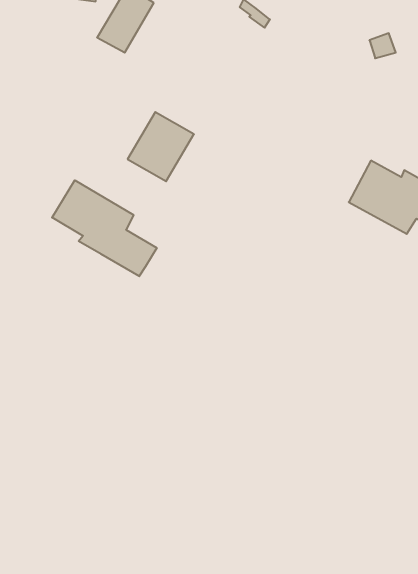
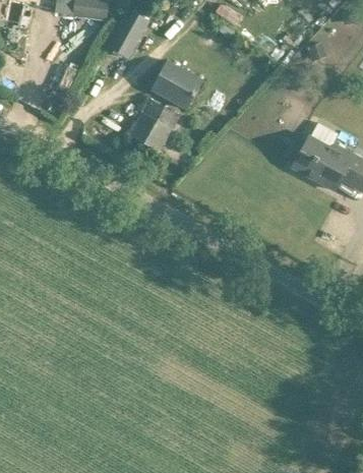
building: none -> [150,60,202,108]
building: [52,180,157,276] -> none

